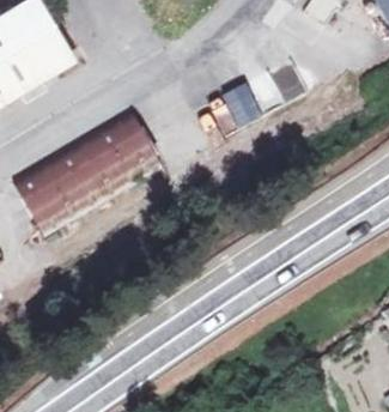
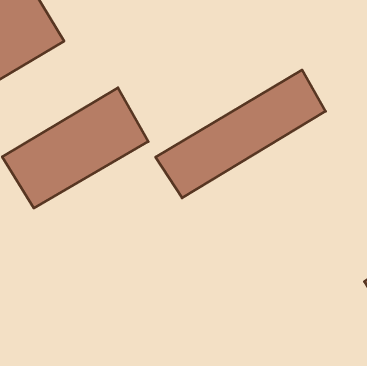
building: none -> [156,70,326,198]

